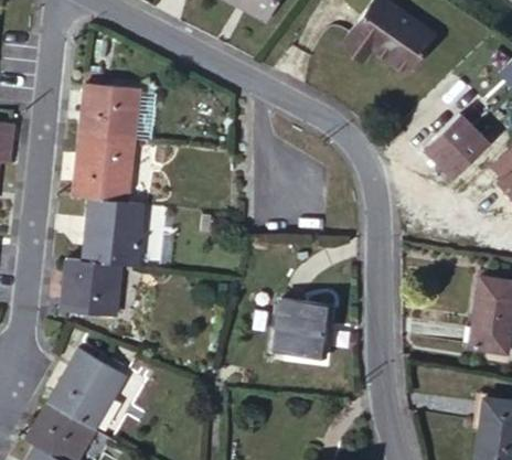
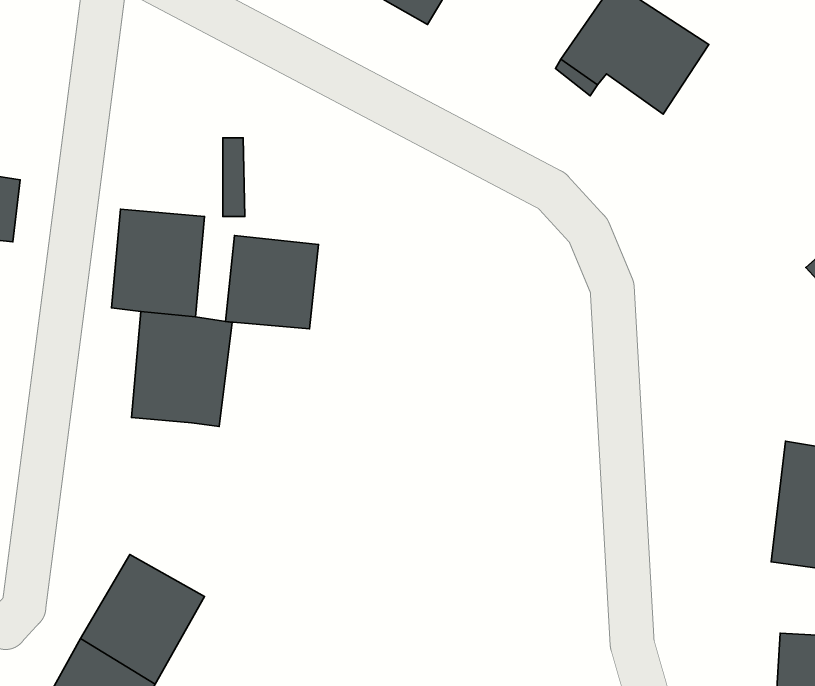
building: [78,83,135,139] -> [225,235,319,329]
building: [422,114,489,180] -> none
building: [63,259,121,314] -> none
building: [275,288,337,352] -> none

